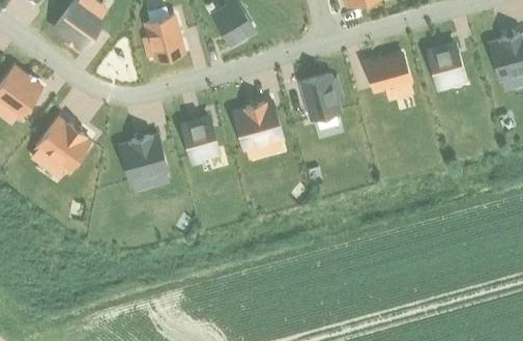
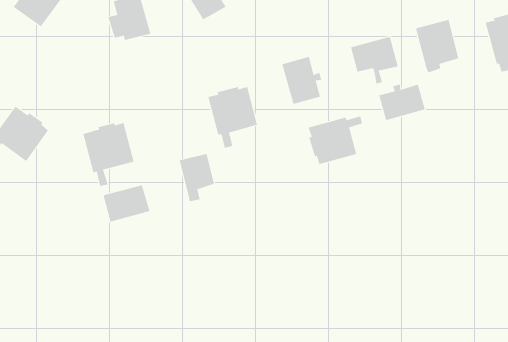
building: none -> [379,84,425,121]
building: [183,120,216,165] -> [179,153,215,202]
building: none -> [308,116,363,165]
building: none -> [103,185,150,223]

